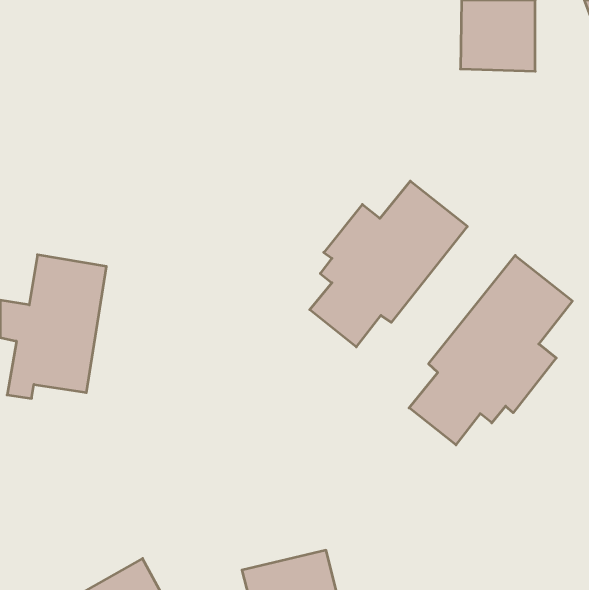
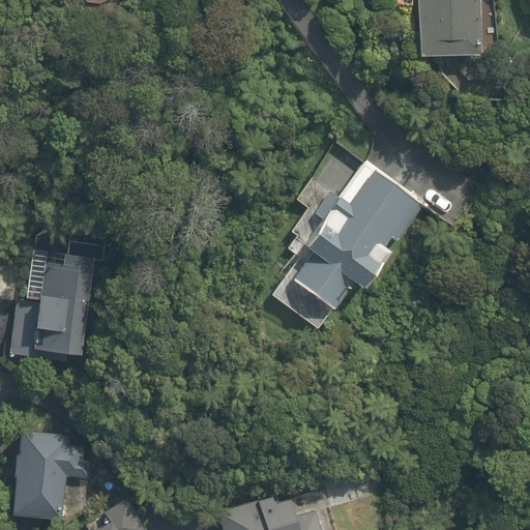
building: [409,255,572,445] -> none
building: none -> [14,435,94,518]

